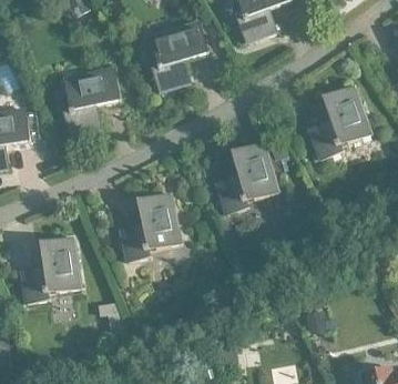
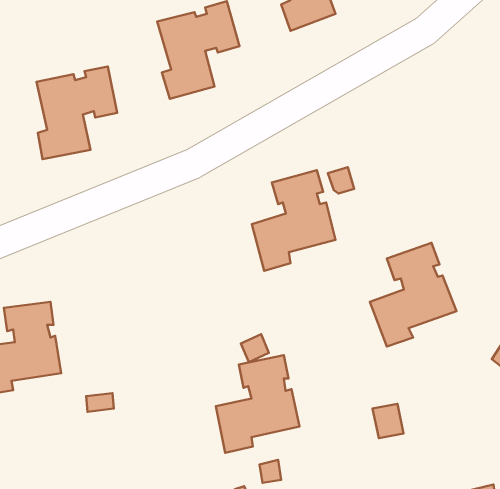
building: [308,85,370,160] -> [370,243,456,347]
building: [120,192,180,262] -> [216,355,299,453]

